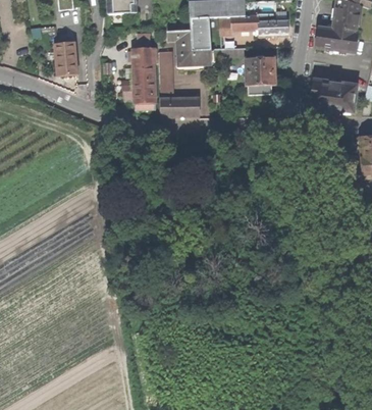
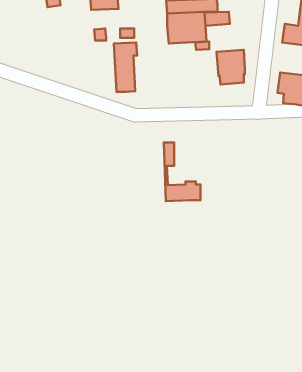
building: [257,11,287,37] -> none
building: [166,29,211,68] -> none
building: [55,39,79,72] -> none
building: [159,50,199,114] -> [164,142,200,201]

